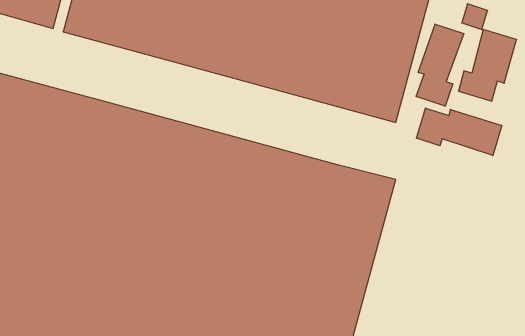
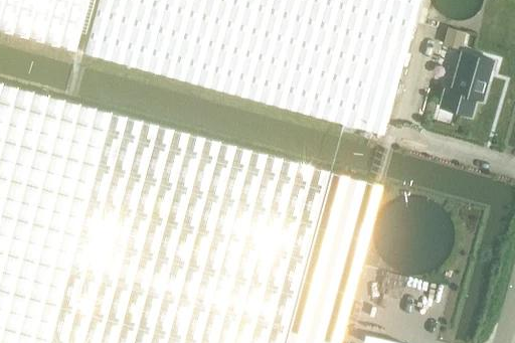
building: [416,24,464,106] -> none
building: [416,108,502,156] -> none

